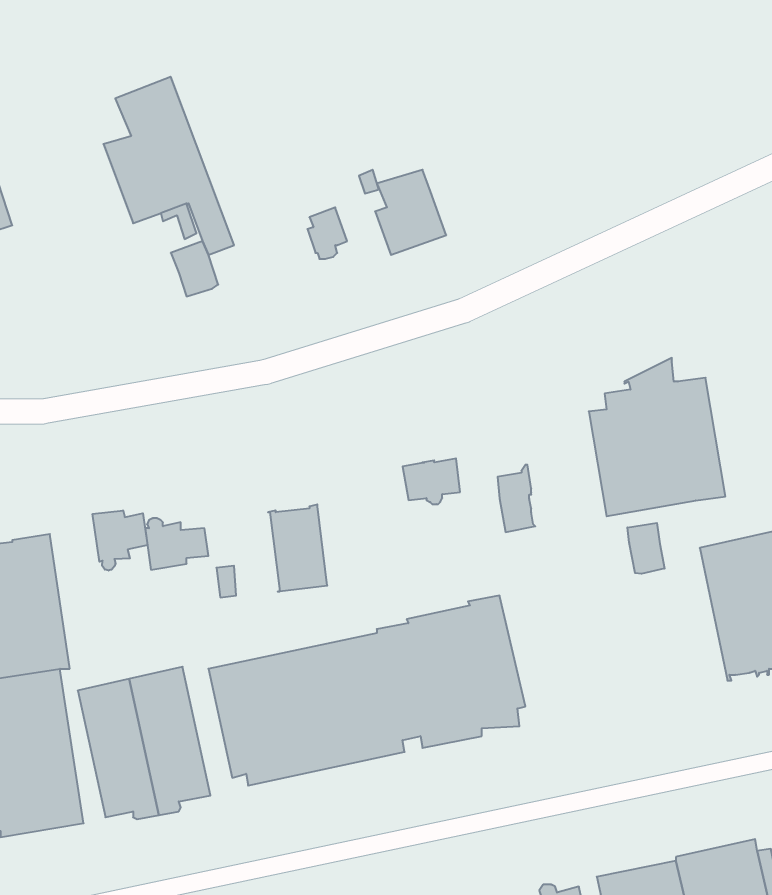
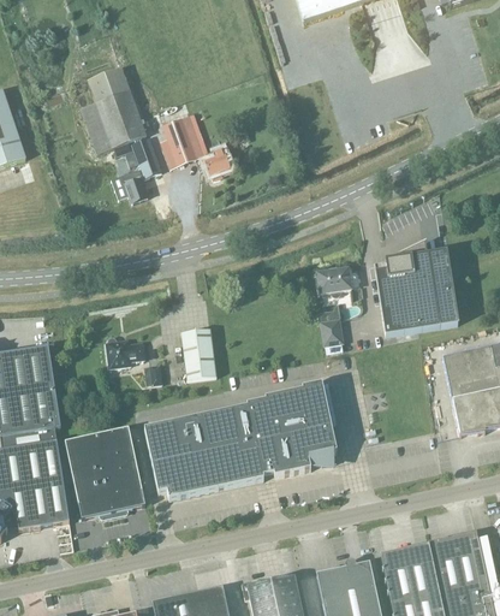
building: [375,170,446,255] -> [160,114,203,166]
building: [403,458,460,504] -> [316,267,351,295]
building: [93,510,147,571] -> none
building: [627,523,665,574] -> none

